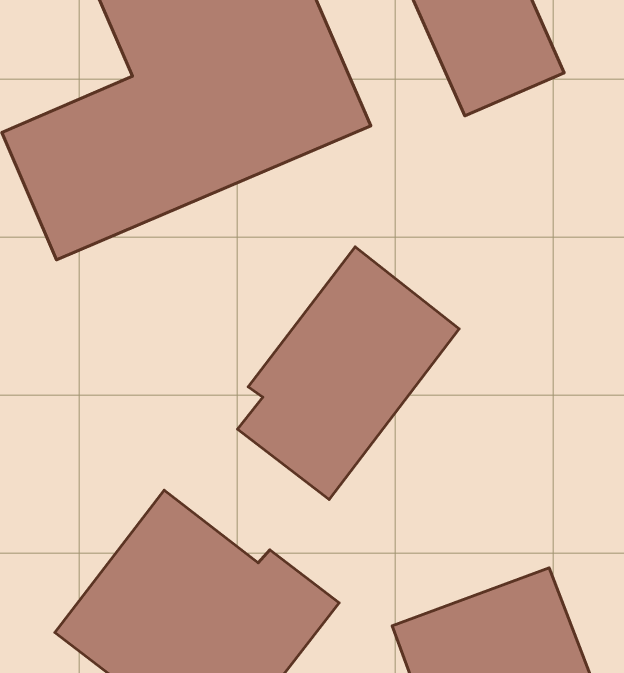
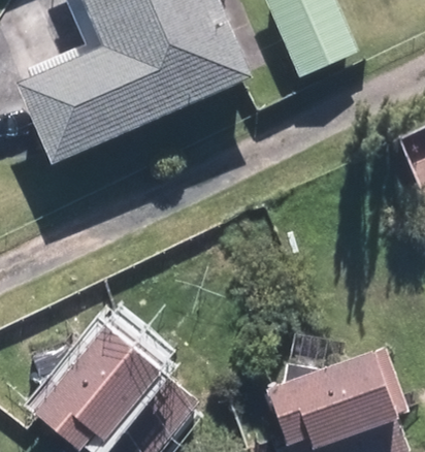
building: [237,247,459,499] -> none

